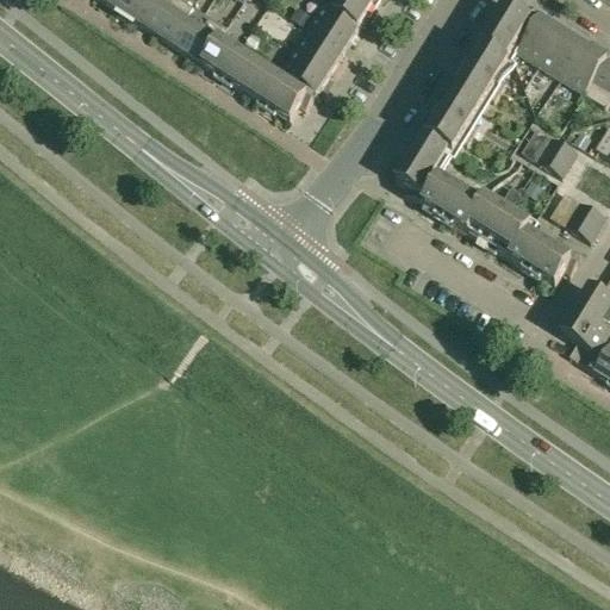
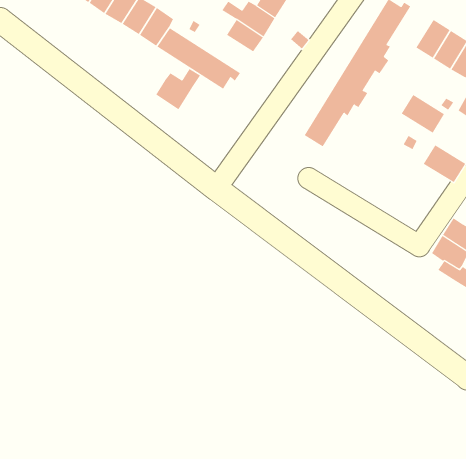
building: [519,11,566,62] -> none
building: [282,45,332,91] -> none
building: none -> [155,68,201,110]
building: [424,174,584,284] -> none

